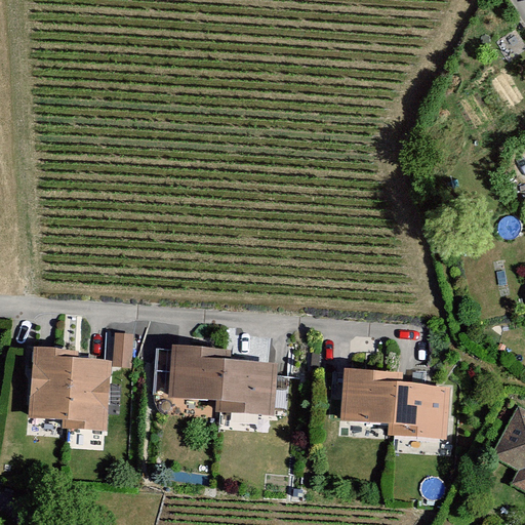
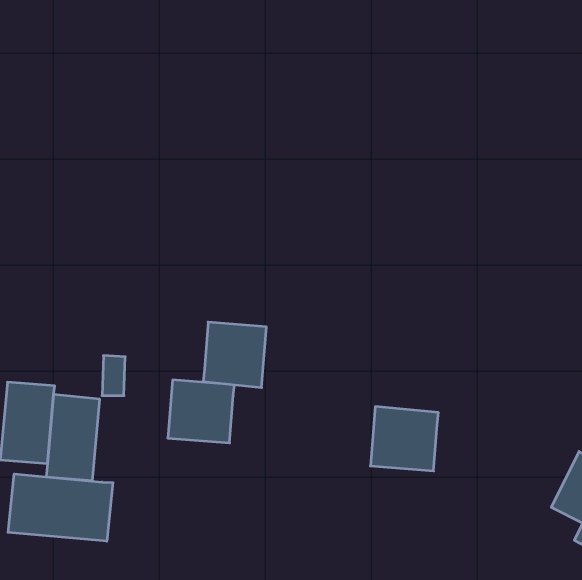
building: [220,359,274,414] -> [203,322,266,388]
building: [393,383,448,439] -> none
building: none -> [8,474,113,541]

